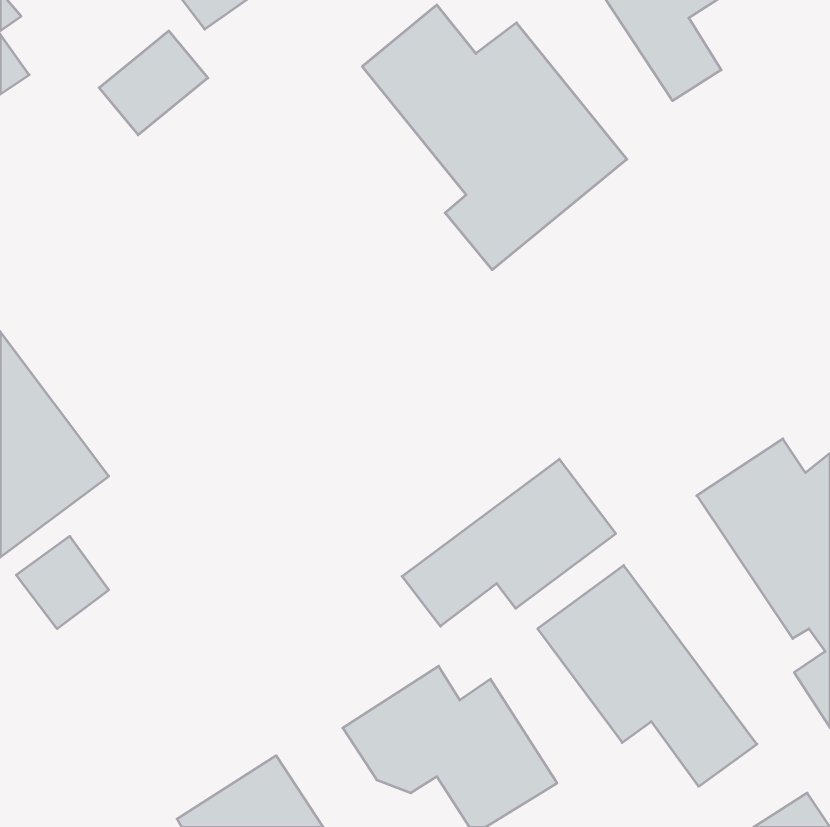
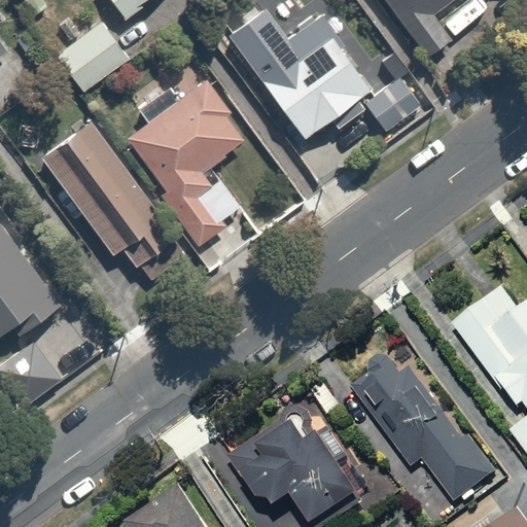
building: none -> [133,73,262,259]
building: none -> [35,116,190,282]
building: [402,459,616,626] -> none

